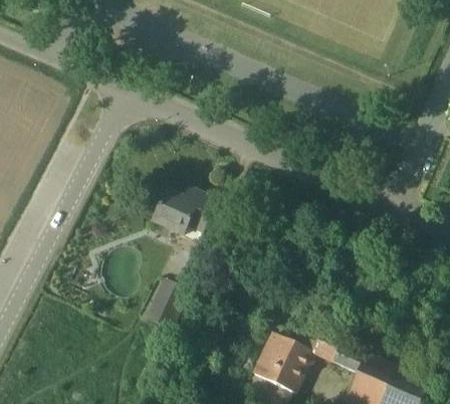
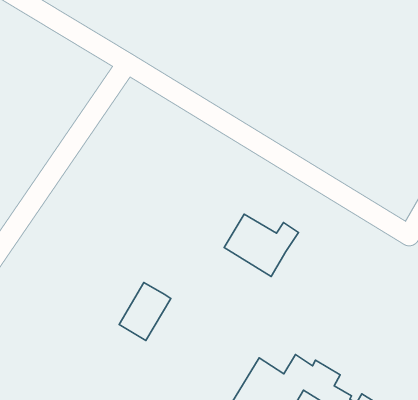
building: [153,190,216,241] -> [224,214,299,276]

